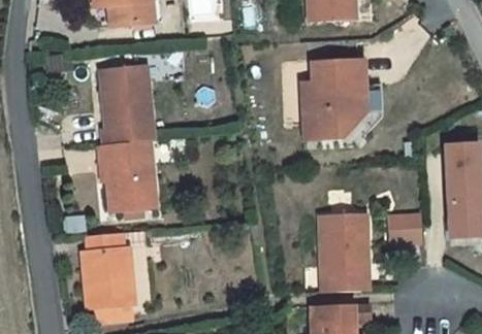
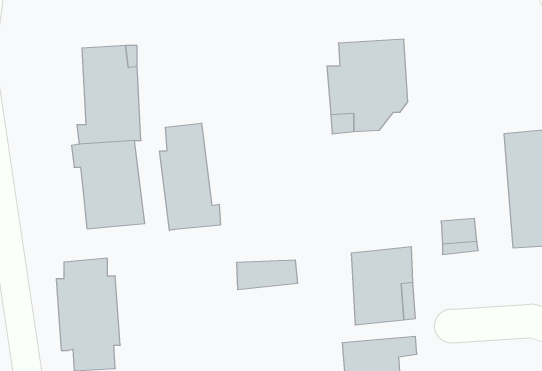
building: none -> [160,123,220,231]
building: [320,210,369,234] -> [236,260,298,290]

